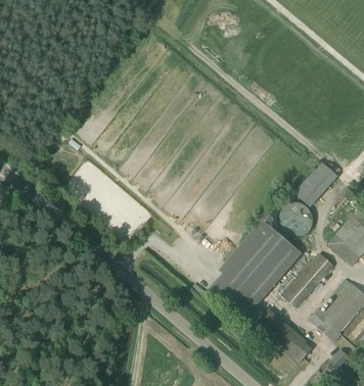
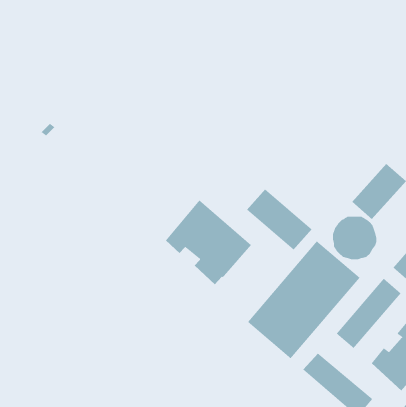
building: none -> [246,189,312,250]
building: none -> [165,200,252,285]

